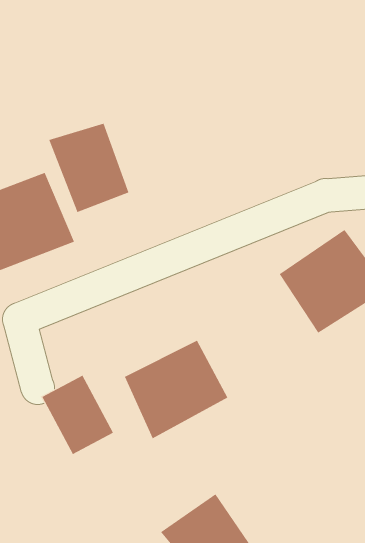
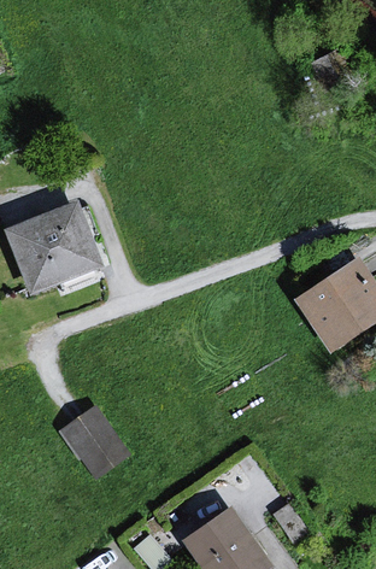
building: [48,123,129,213] -> none
building: [124,340,228,439] -> none

